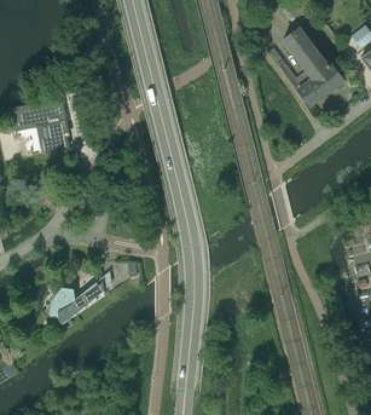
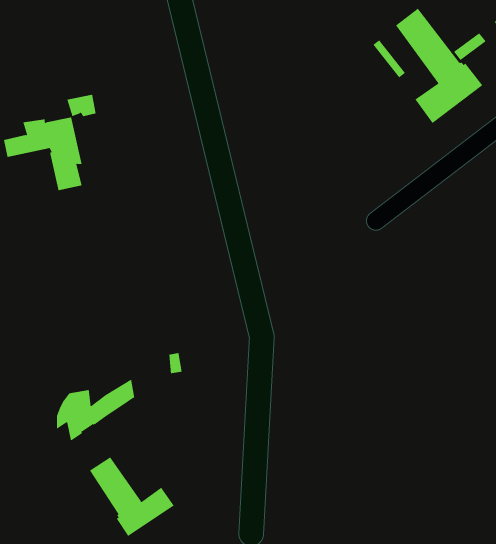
building: none -> [89,456,174,537]

